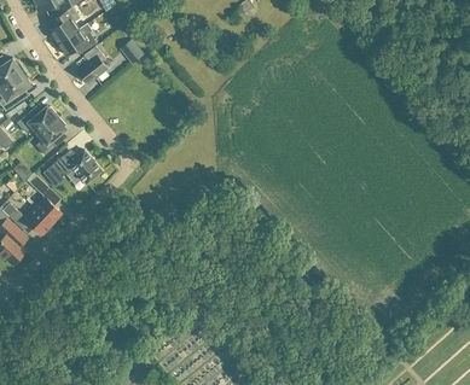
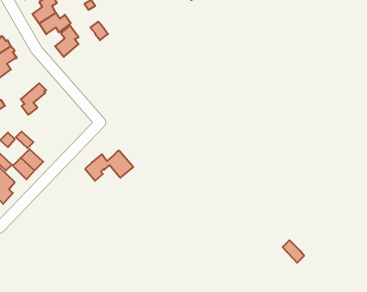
building: [16,106,57,135] -> none
building: [42,150,101,187] -> [85,150,133,181]

